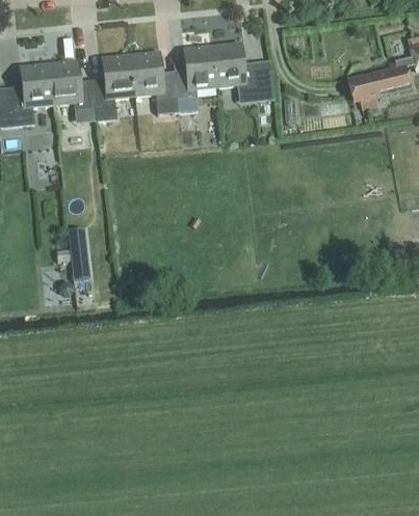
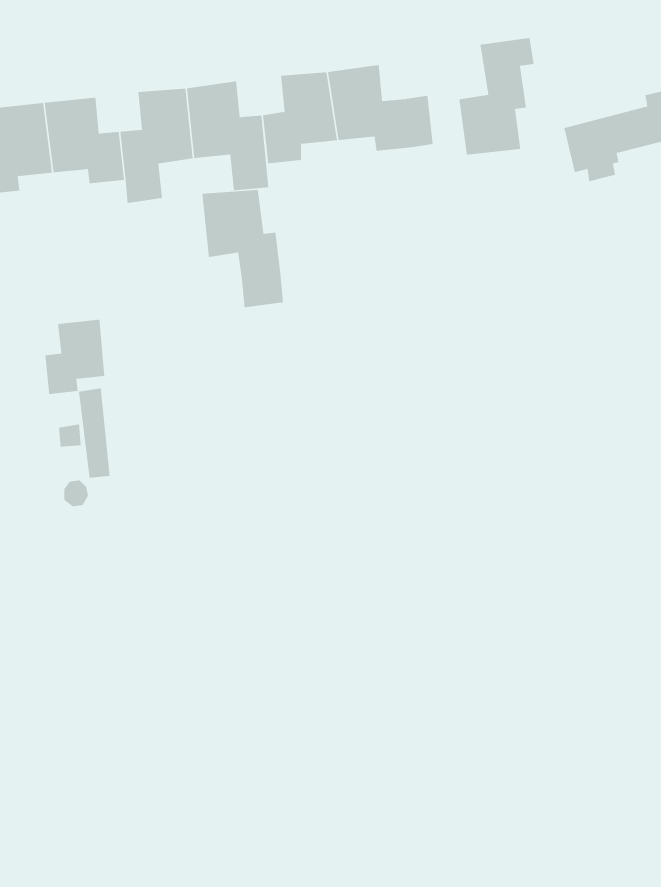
building: none -> [459,37,534,155]
building: none -> [202,189,284,308]
building: none -> [45,319,105,395]

